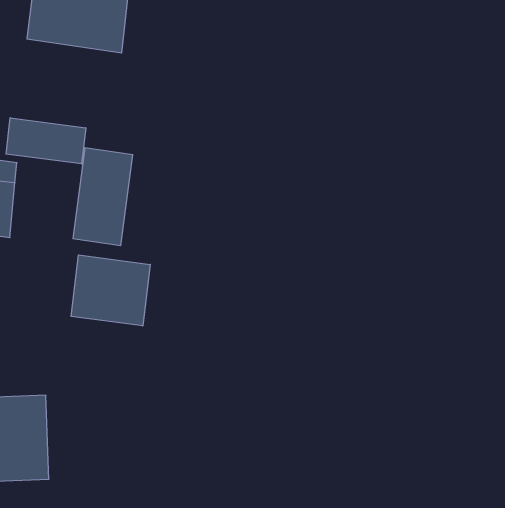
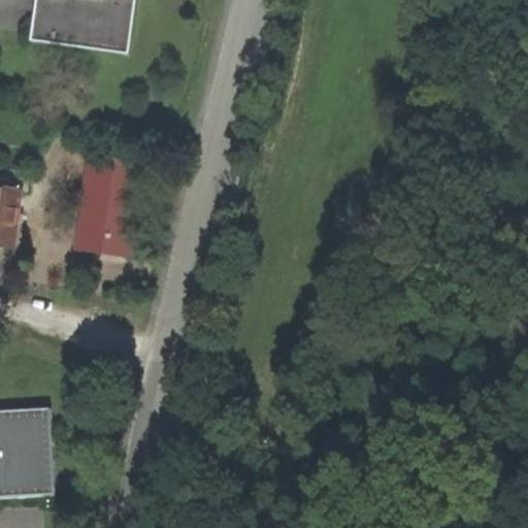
building: [6,118,86,164] -> none
building: [71,255,150,326] -> none

